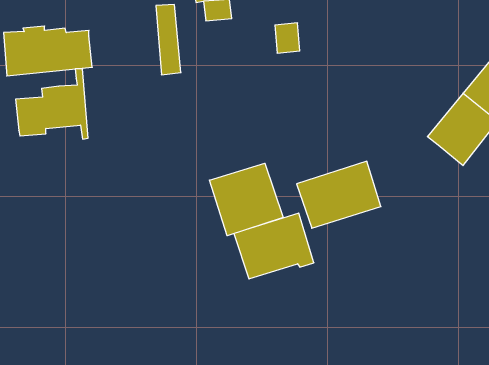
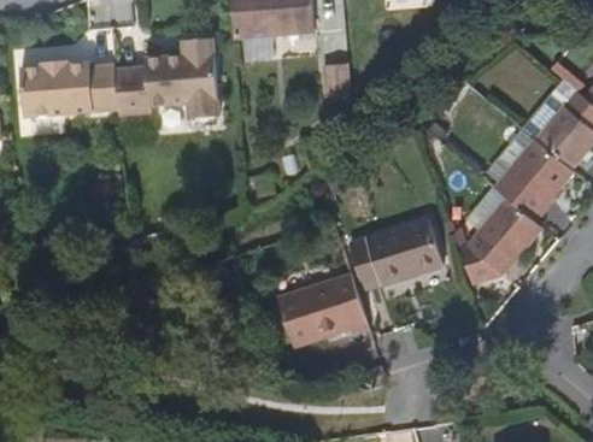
building: [16,69,88,139] -> [117,41,198,119]
building: none -> [459,196,542,276]
building: [209,163,283,236] -> none

